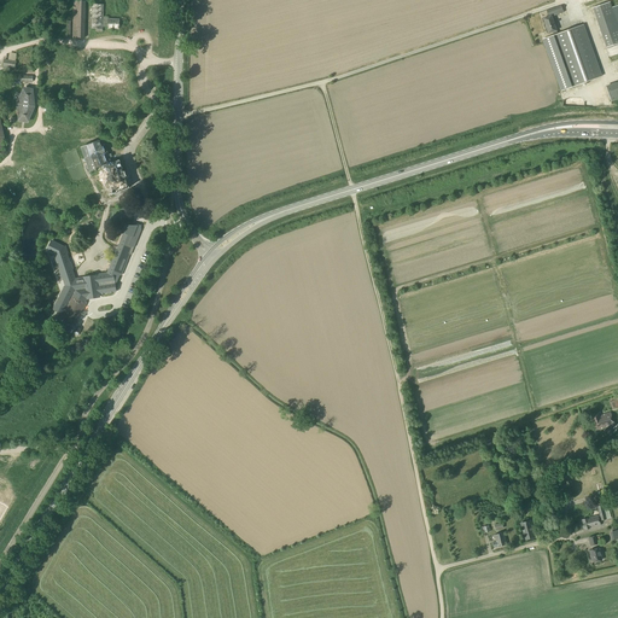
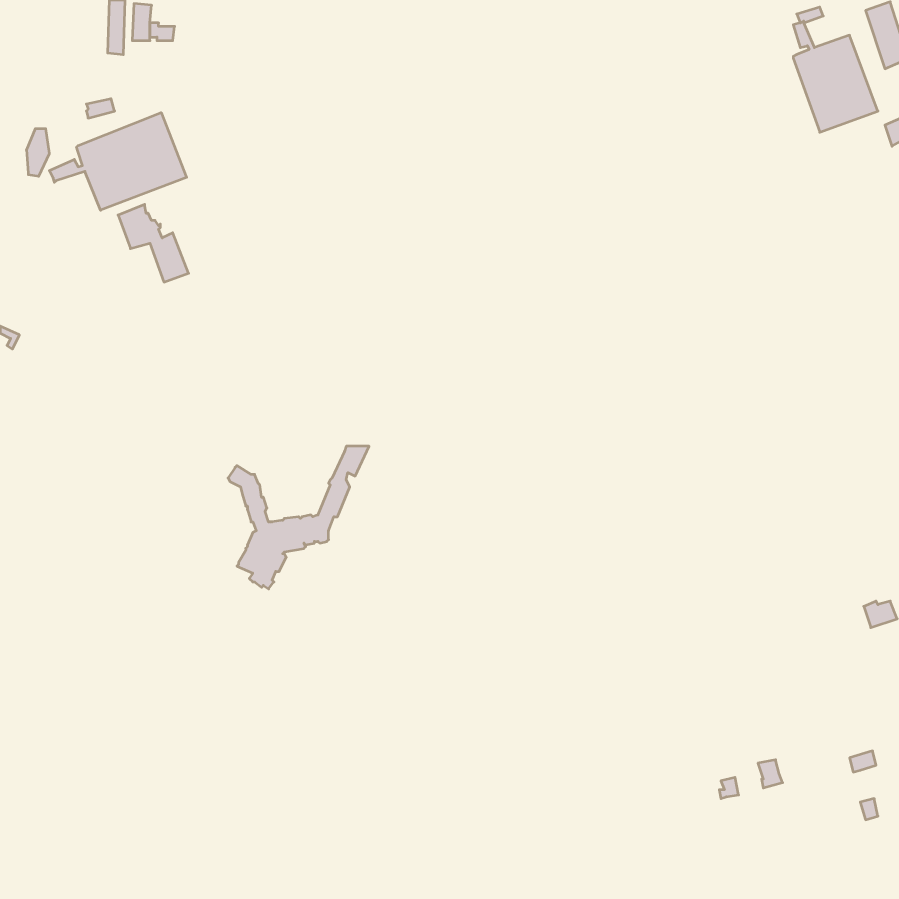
building: none -> [49,113,187,210]
building: [47,226,144,323] -> [228,446,369,589]

